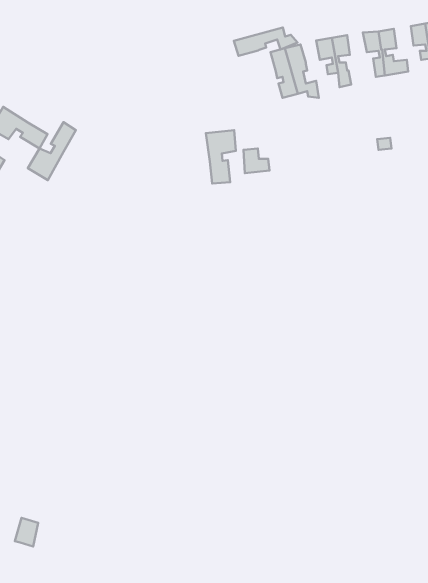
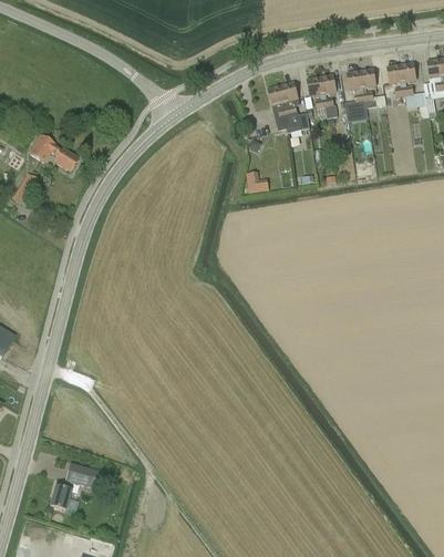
building: [234,27,297,56] -> none
building: [28,122,76,180] -> none
building: [206,130,236,184] -> none
building: none -> [64,463,95,488]

